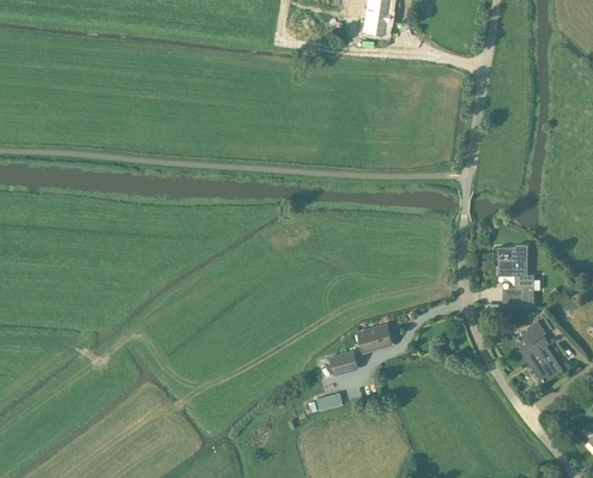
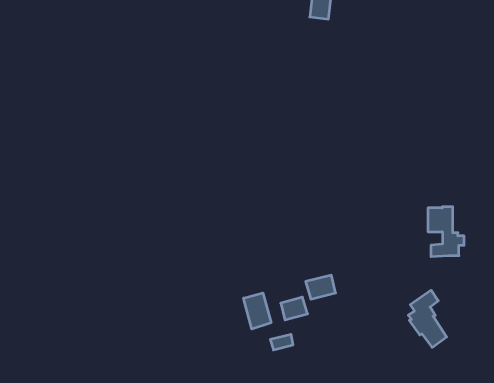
building: [518,315,562,381] -> [408,290,447,347]
building: none -> [244,293,271,329]

